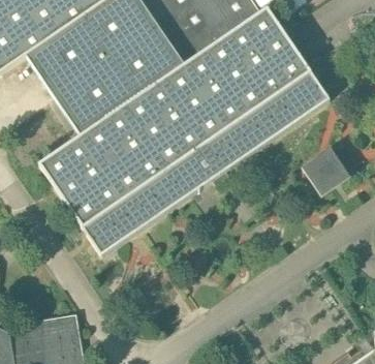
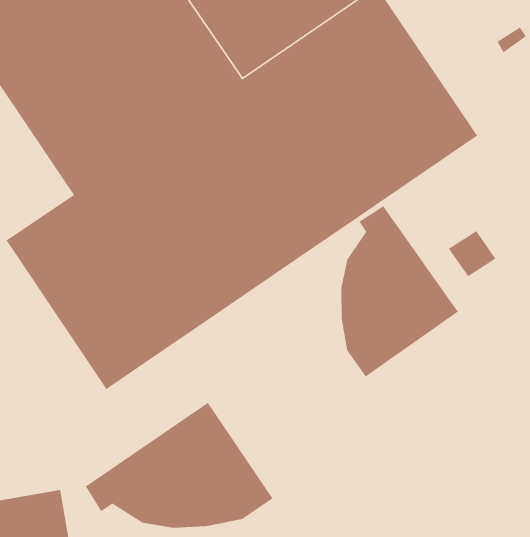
building: none -> [340,205,459,377]
building: none -> [85,402,274,529]

